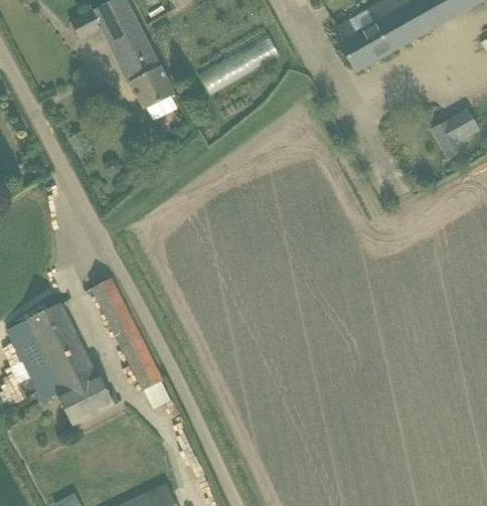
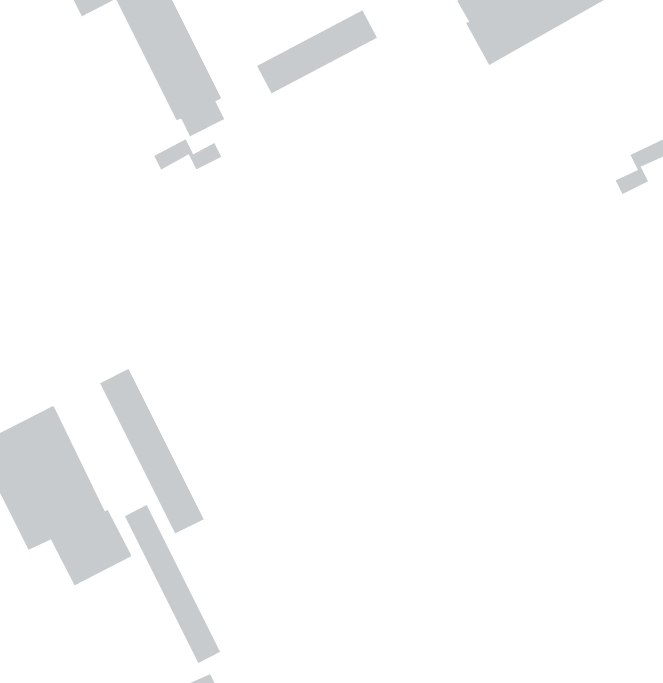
building: none -> [153,138,222,171]
building: none -> [124,504,221,664]

